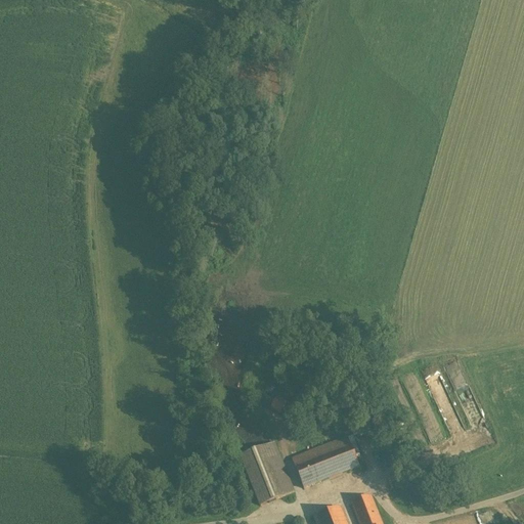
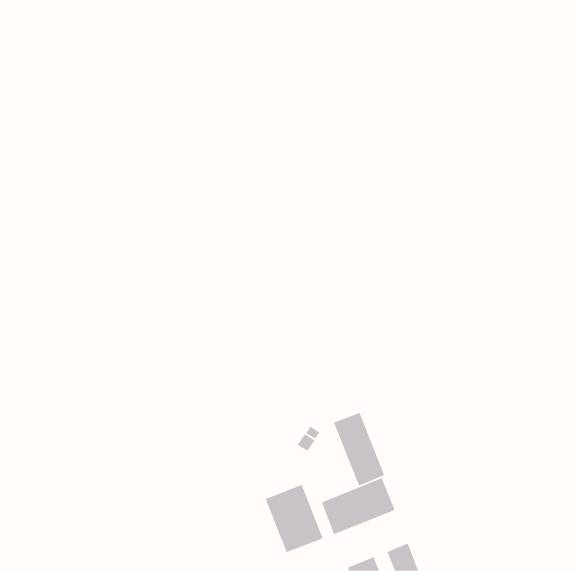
building: none -> [333,412,385,487]

